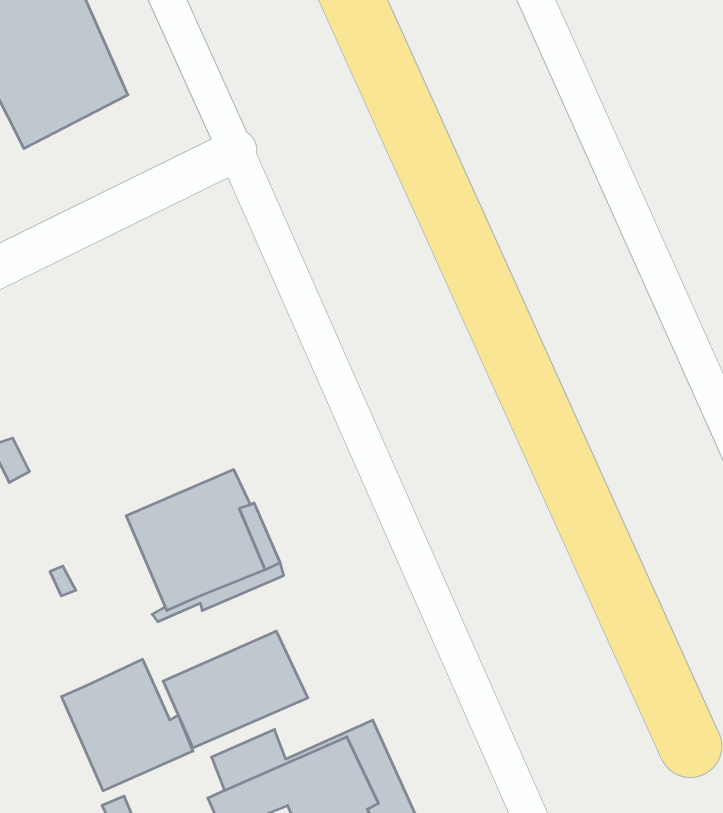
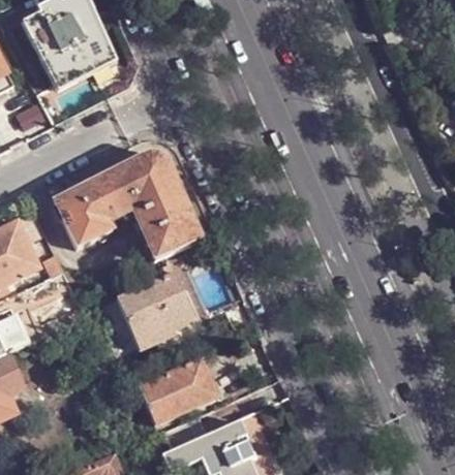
building: none -> [53,153,201,259]
building: [62,659,193,791] -> none

